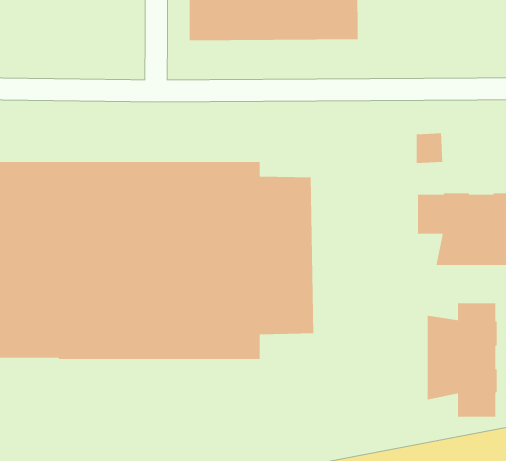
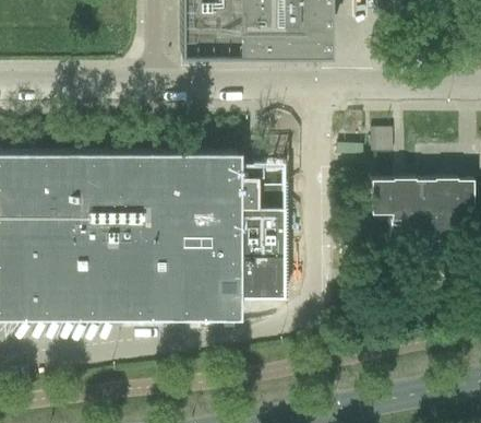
building: [427,303,498,418] -> none

